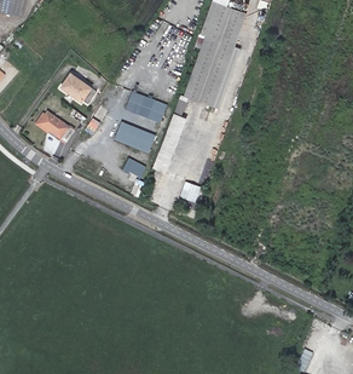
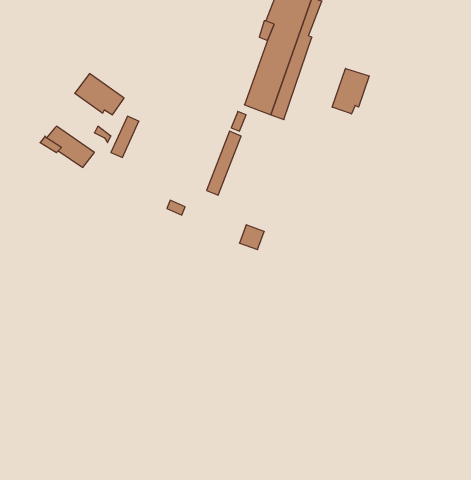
building: none -> [332,68,369,114]
building: [126,84,167,121] -> none
building: [114,121,155,153] -> none

